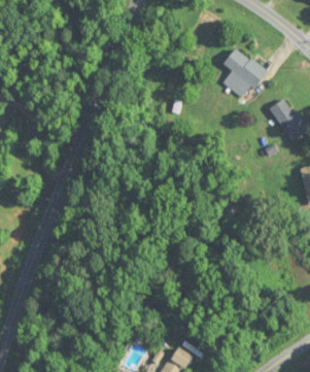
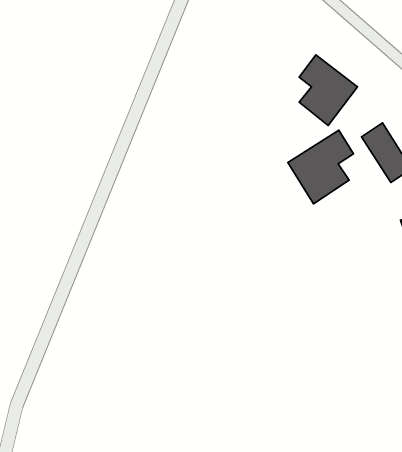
building: none -> [288,130,353,204]

